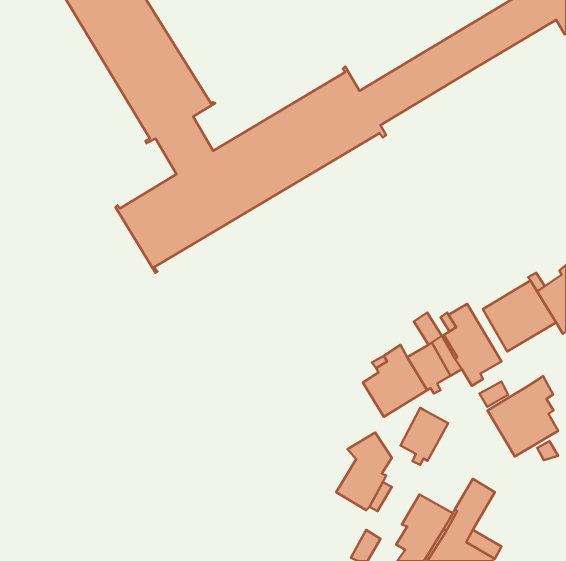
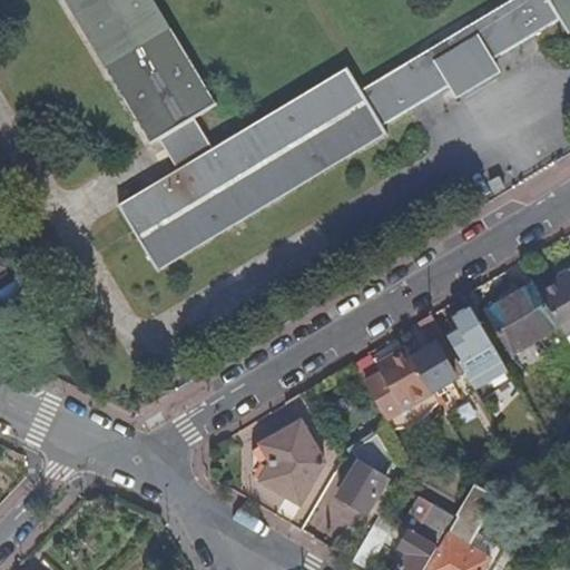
building: [488,376,558,457] -> none
building: [400,408,448,465] -> none
building: none -> [252,423,323,504]

